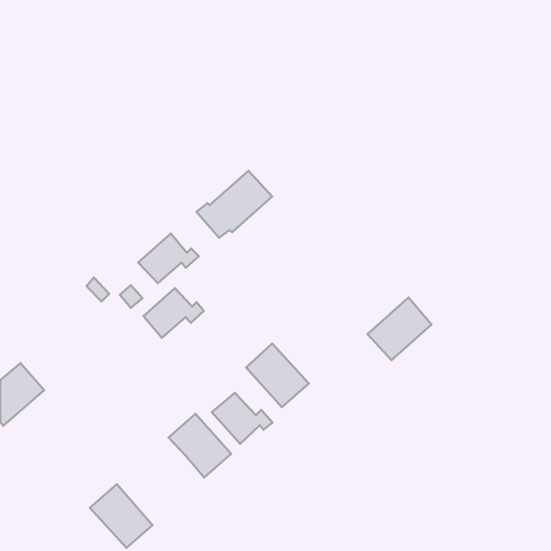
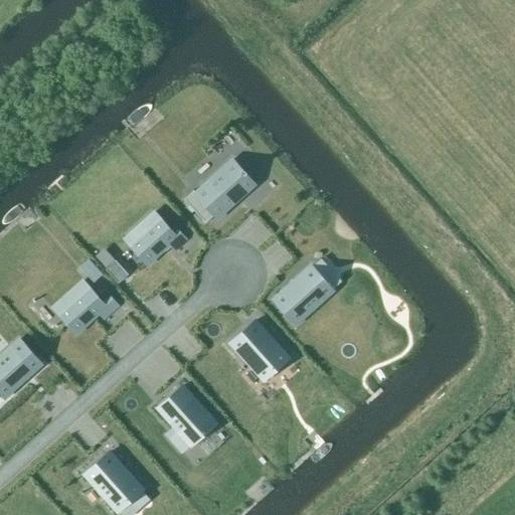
building: [143,288,204,338] -> [59,286,116,332]
building: [368,297,431,360] -> [275,265,334,323]
building: [212,393,272,444] -> none

